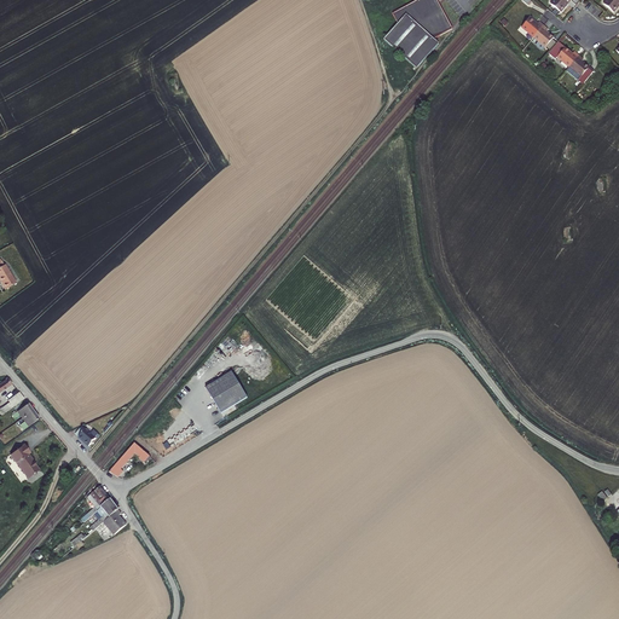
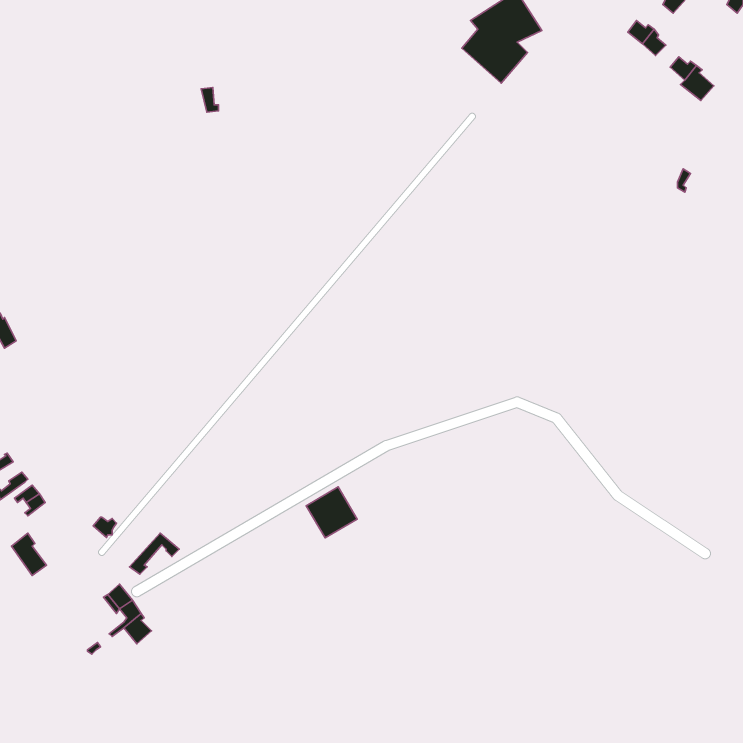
building: [203,371,245,413] -> [306,487,357,538]

